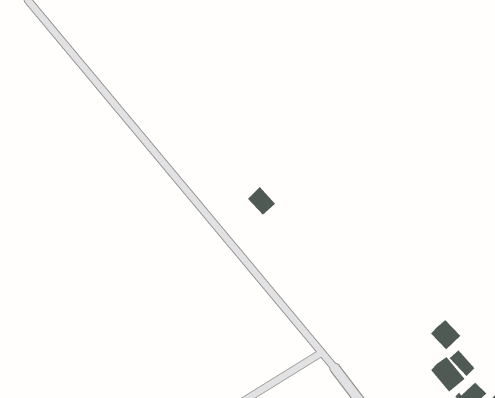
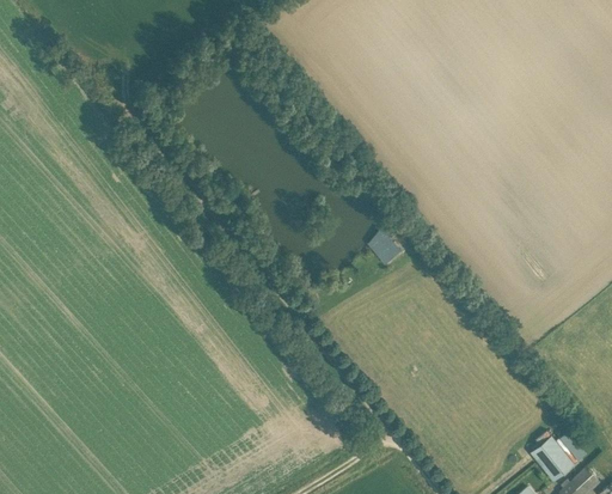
building: [247,186,276,216] -> [365,227,399,263]
building: [430,319,461,350] -> none

